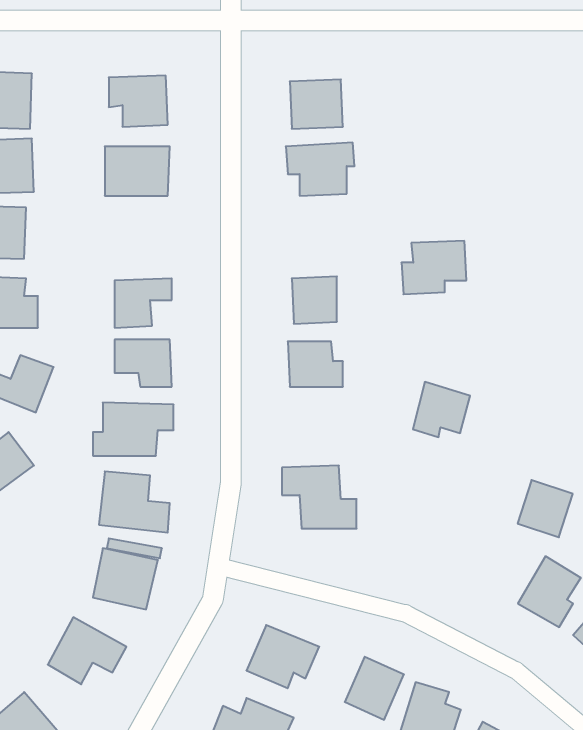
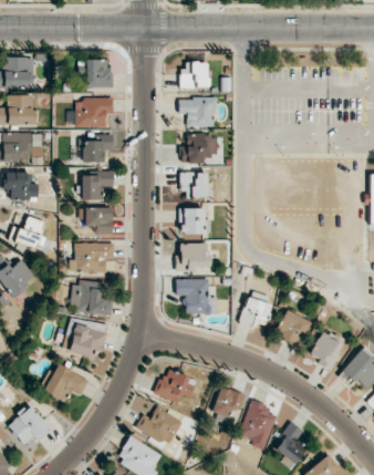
building: none -> [82,136,113,163]
building: [401,241,466,294] -> [180,134,217,164]
building: [413,382,470,437] -> [240,296,272,327]
building: none -> [176,242,210,270]
building: [518,480,573,537] -> [277,311,308,343]

